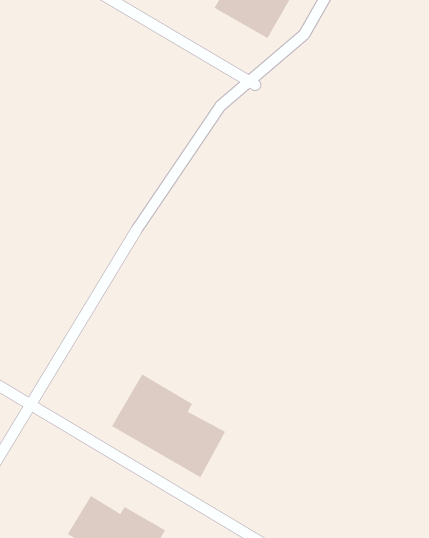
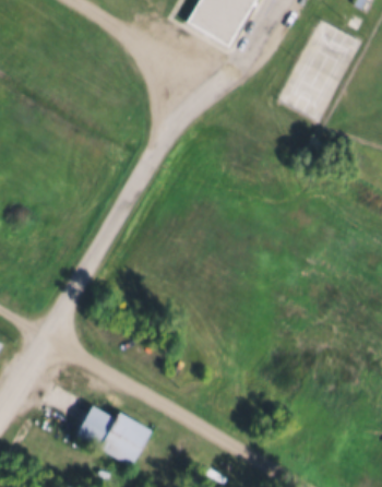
building: [111,373,226,478] -> none

